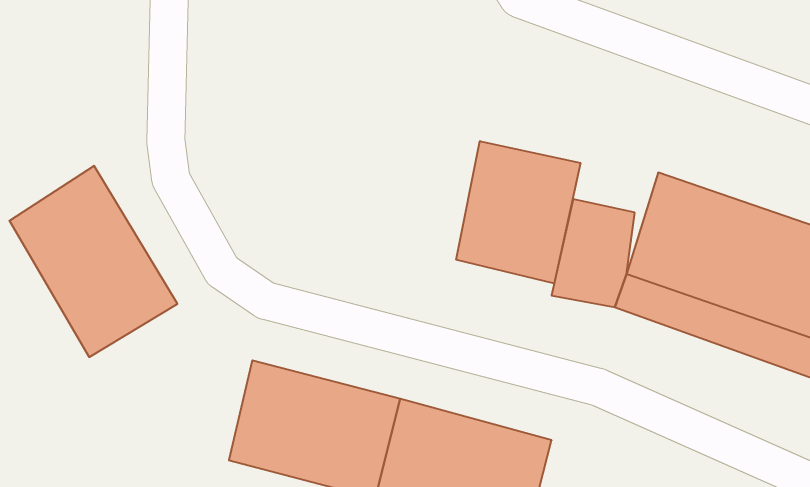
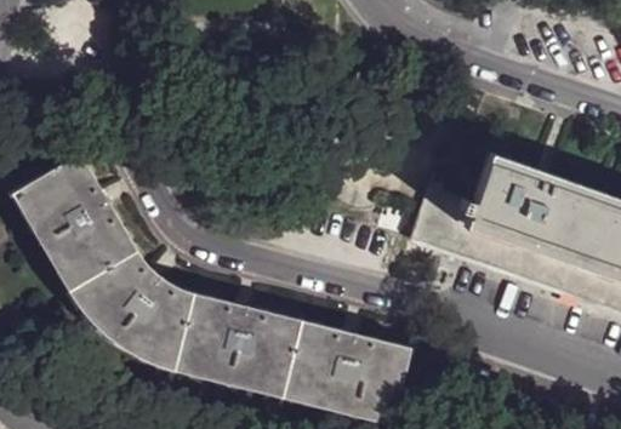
building: [456,141,580,283] -> none
building: none -> [74,252,193,366]

